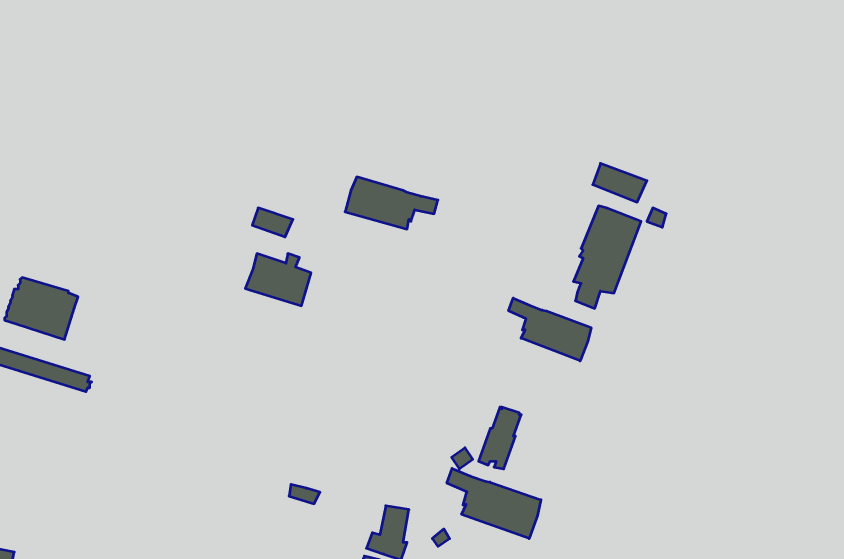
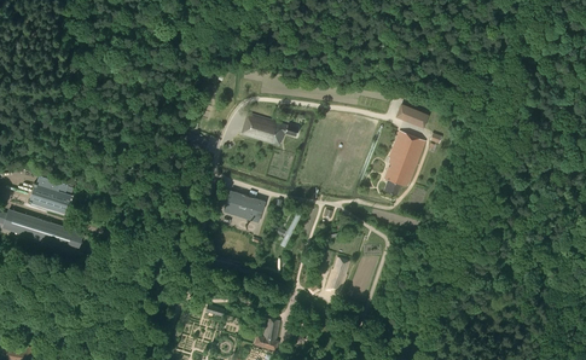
building: [245,254,311,306] -> [225,190,266,222]
building: [509,298,591,361] -> none
building: [447,468,541,539] -> none

